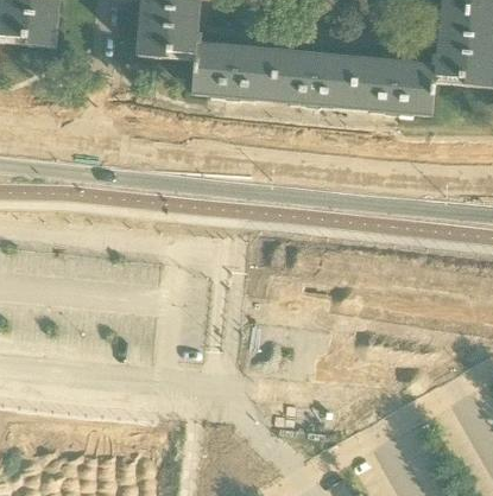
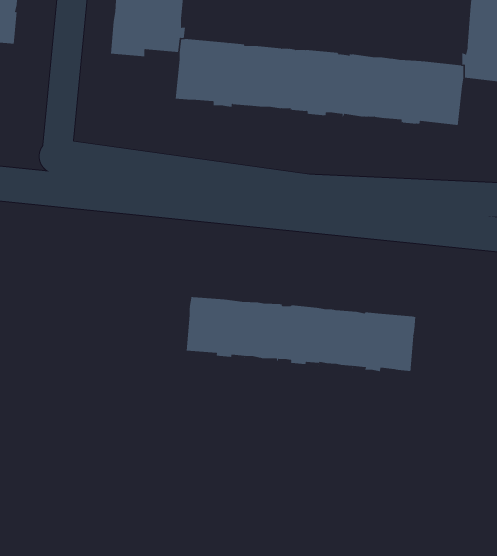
building: none -> [186,296,416,372]

